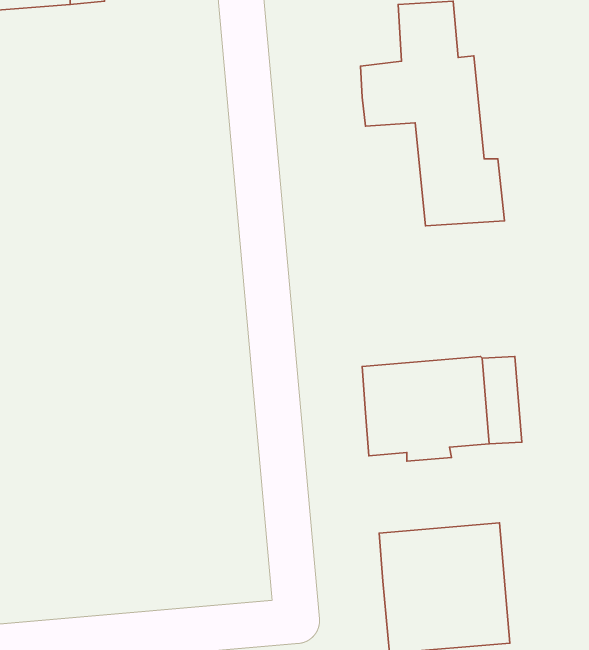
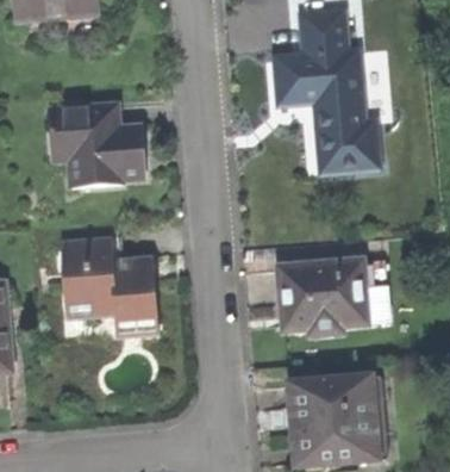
building: none -> [48,105,145,187]
building: none -> [61,240,157,335]

